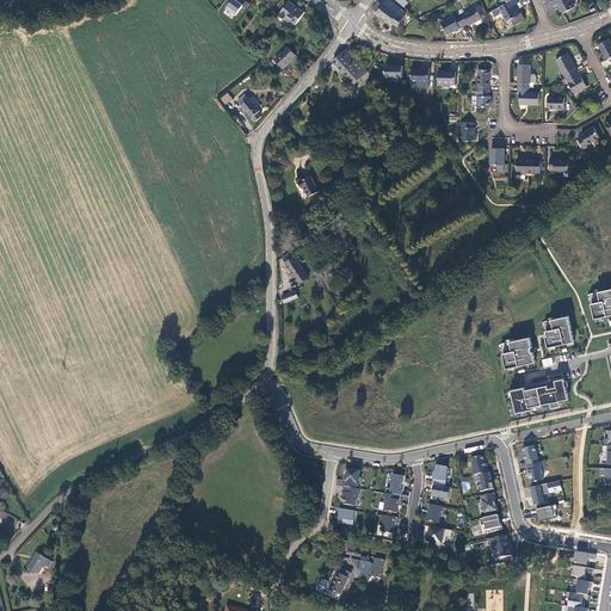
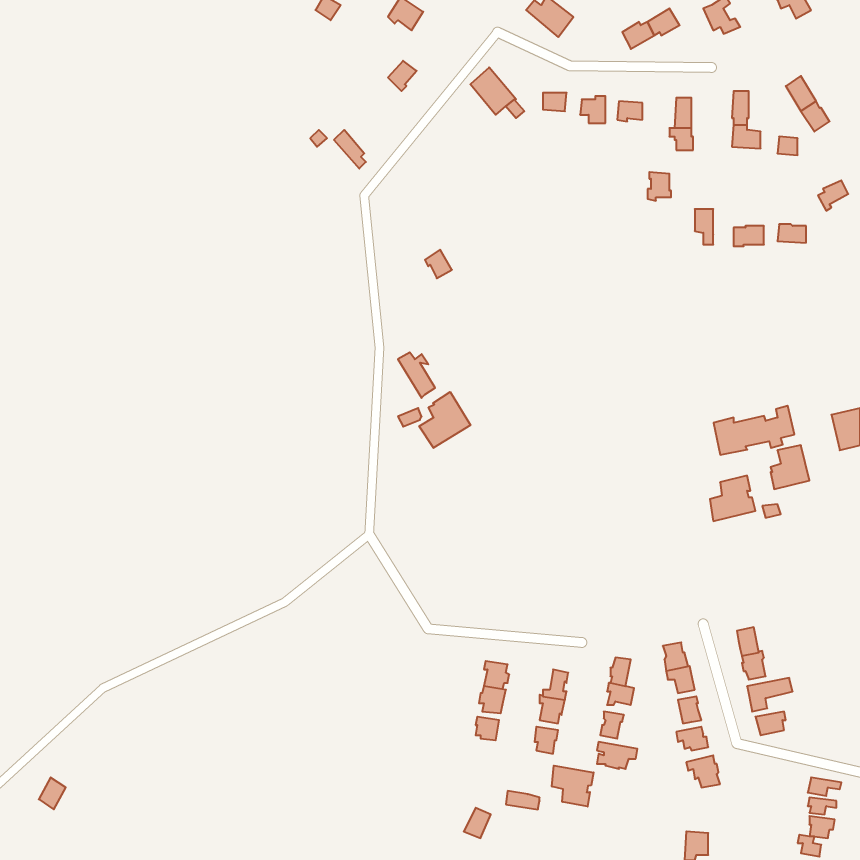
building: none -> [419,392,470,448]
building: [510,378,567,413] -> [714,406,794,455]
building: none -> [552,766,594,807]

